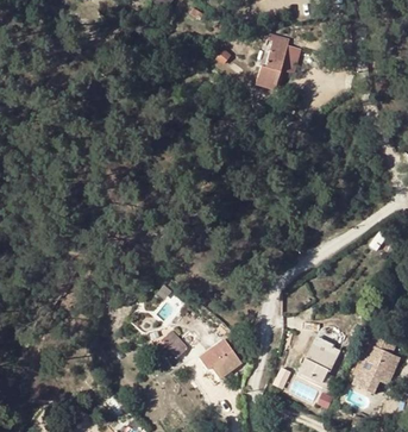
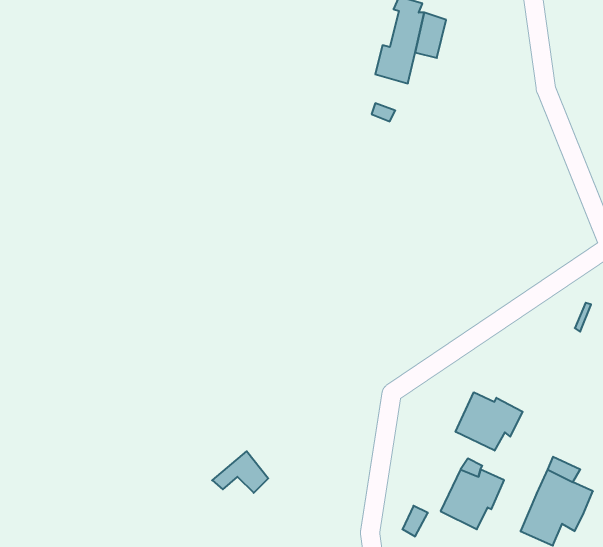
building: none -> [456,392,523,451]
building: [200,340,240,378] -> none

